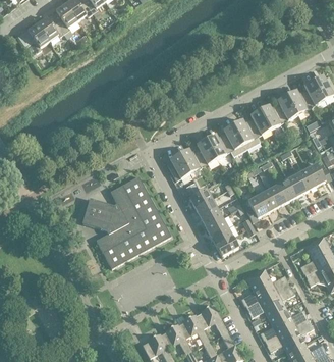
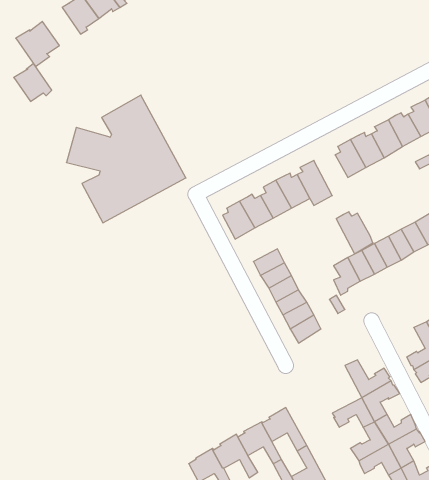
building: [37,12,64,40] -> [14,63,52,101]
building: [233,118,260,149] -> [336,212,373,254]
building: [85,174,171,267] -> [66,95,186,223]
building: [241,272,268,307] -> none

